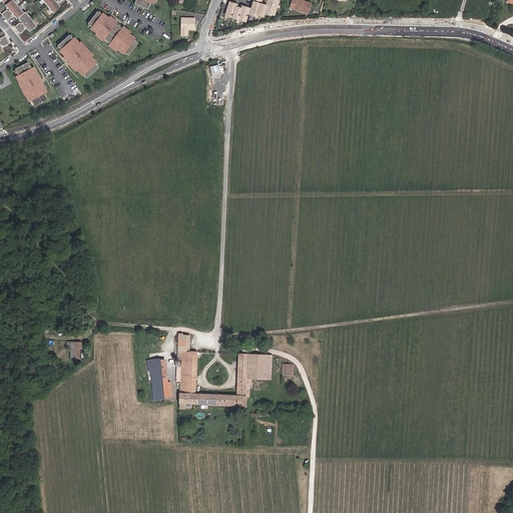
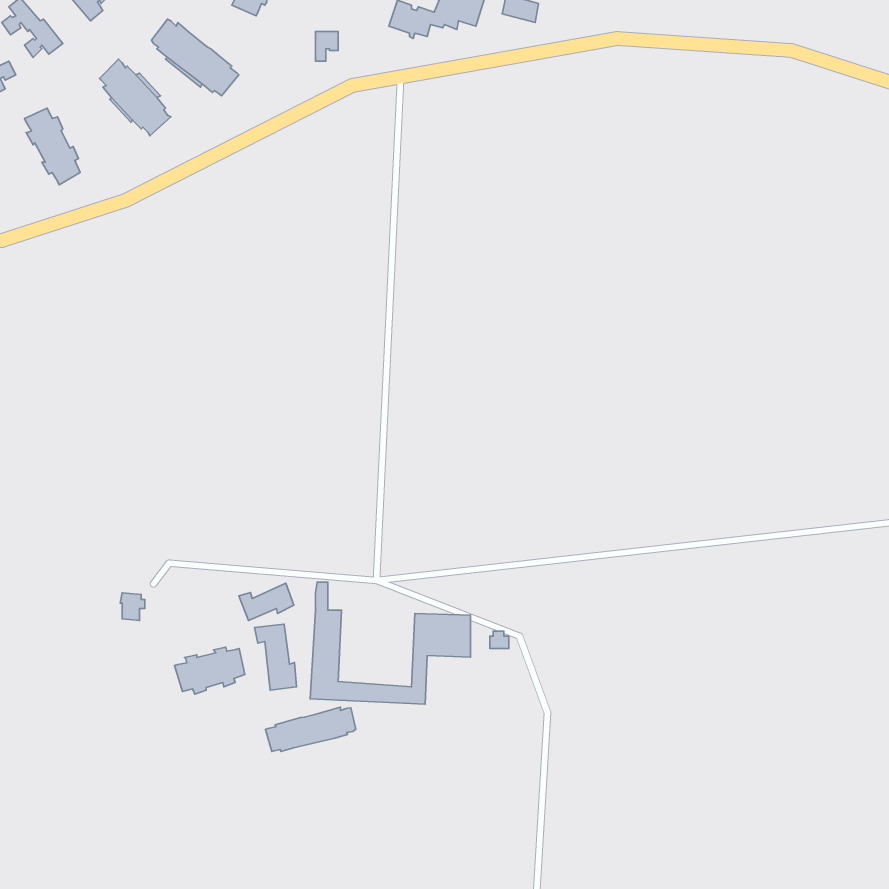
building: none -> [239,583,294,620]
building: none -> [175,647,245,694]
building: none -> [265,707,356,752]

